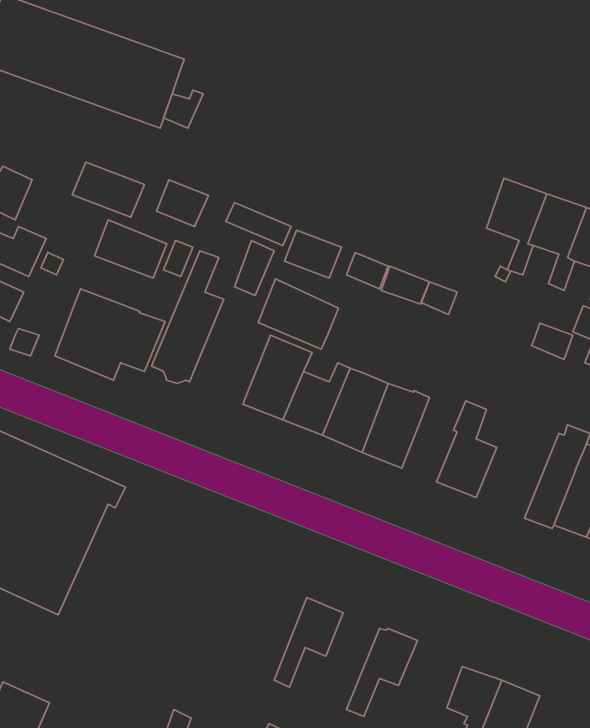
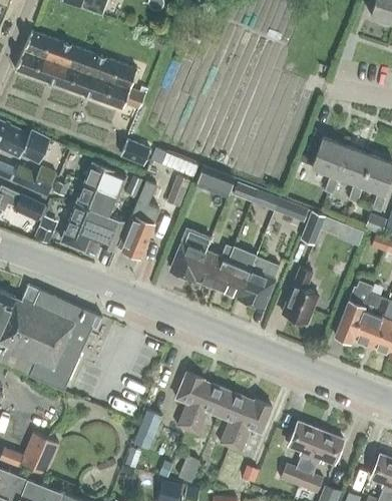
building: [72,162,145,217] -> [77,183,119,215]
building: [258,279,338,349] -> none
building: none -> [300,210,325,245]
building: none -> [176,373,209,430]
building: none -> [220,391,251,447]
building: none -> [134,410,162,447]

